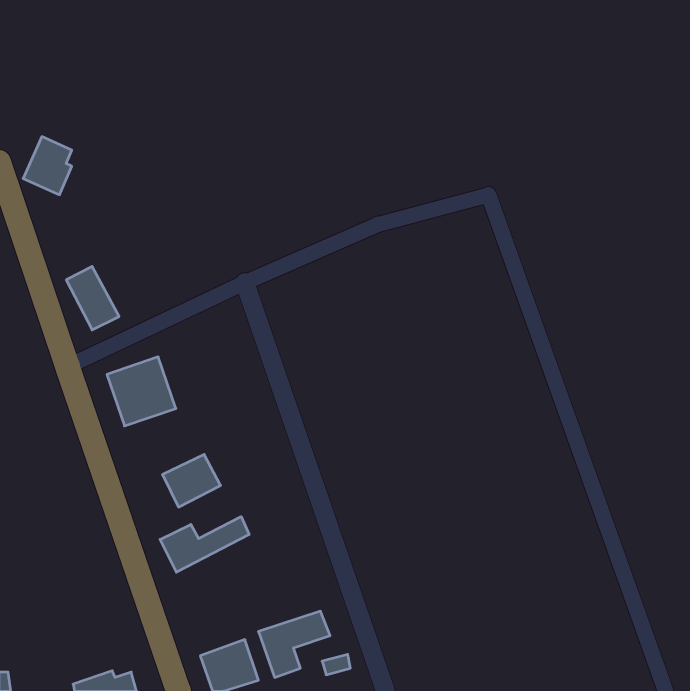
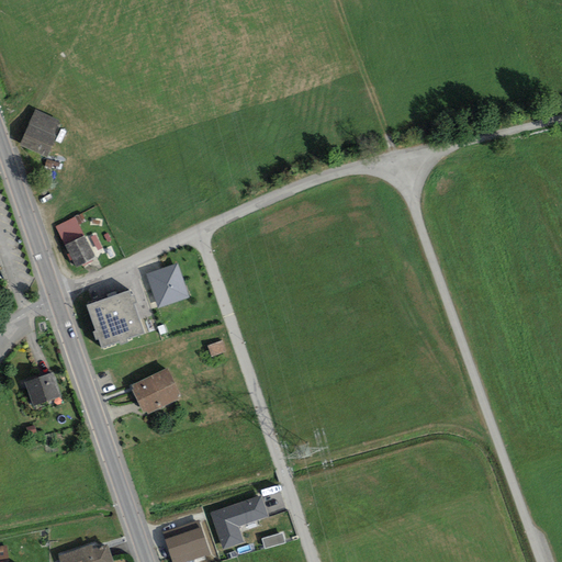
building: none -> [146,263,188,307]
building: none -> [23,371,59,404]
building: [160,517,249,572] -> none

